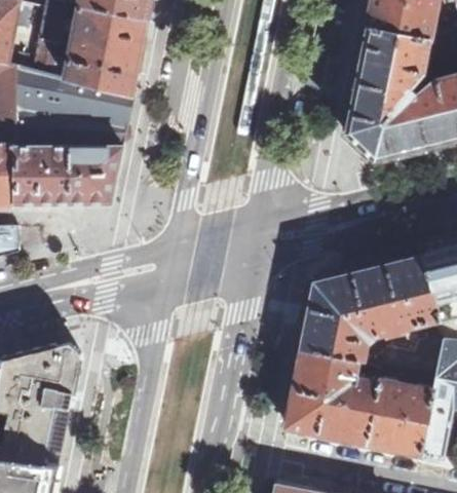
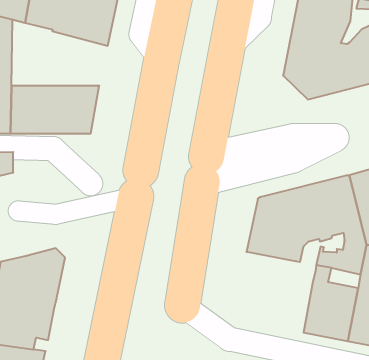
building: [16,66,132,146] -> none
building: [284,346,380,444] -> none

